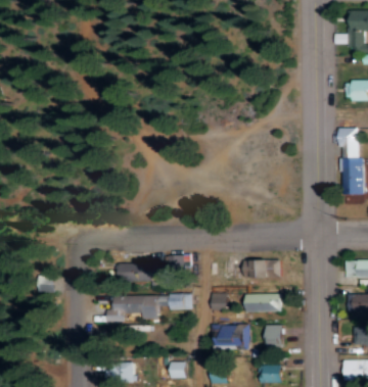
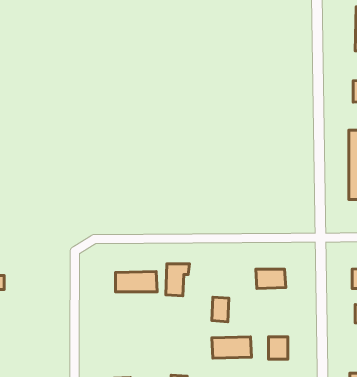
building: [246,293,282,312] -> none
building: [108,295,192,322] -> none

